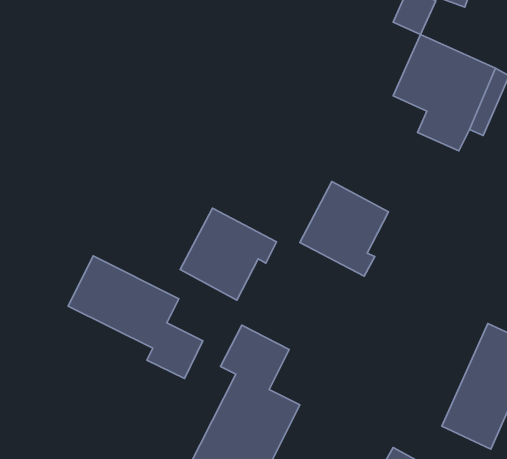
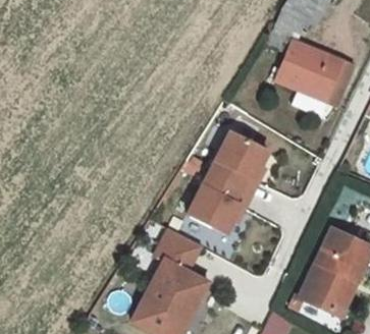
building: [180,208,277,300] -> [189,176,253,237]
building: [68,256,203,378] -> none

